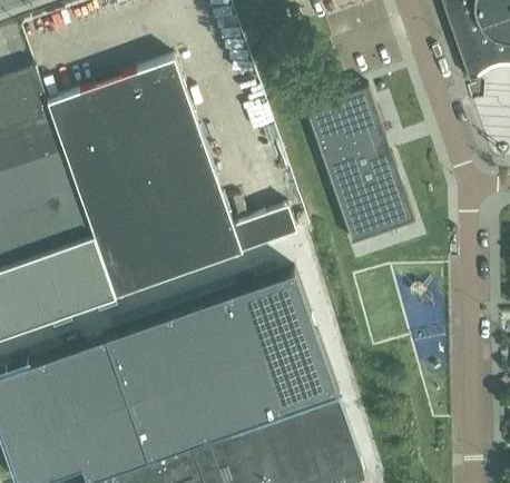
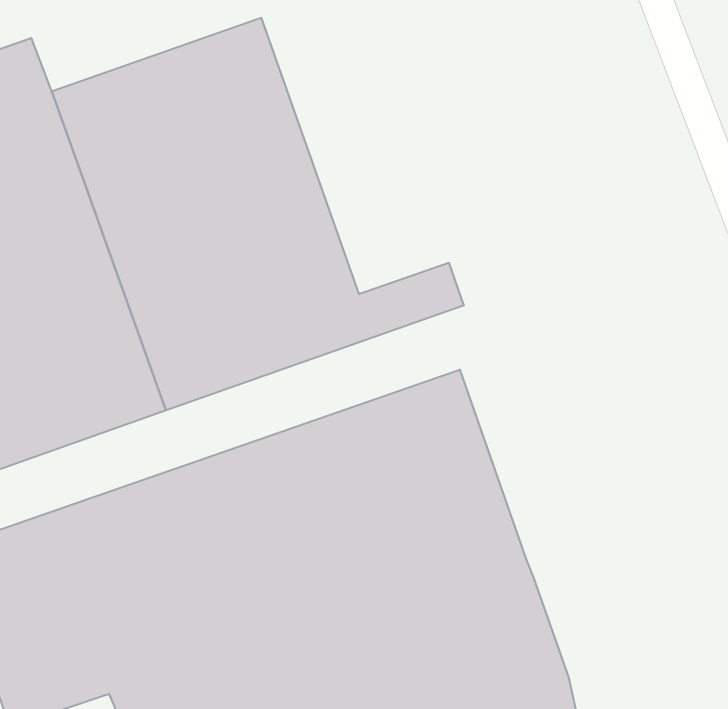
building: [305,90,415,247] -> none

